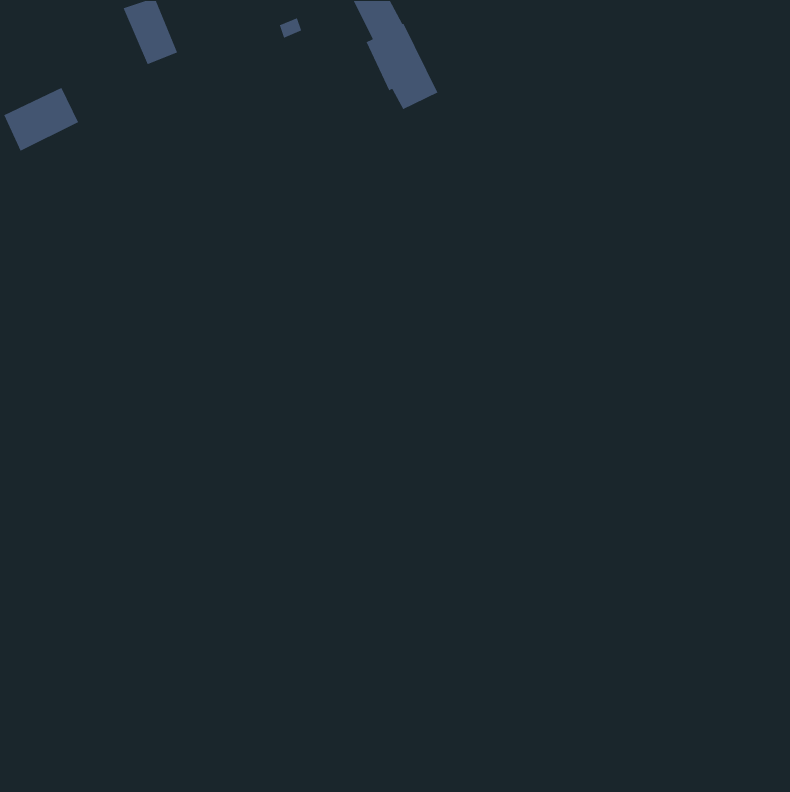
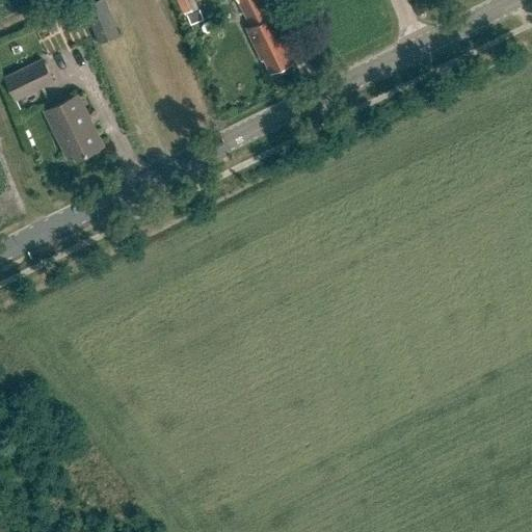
building: none -> [44,95,103,160]

